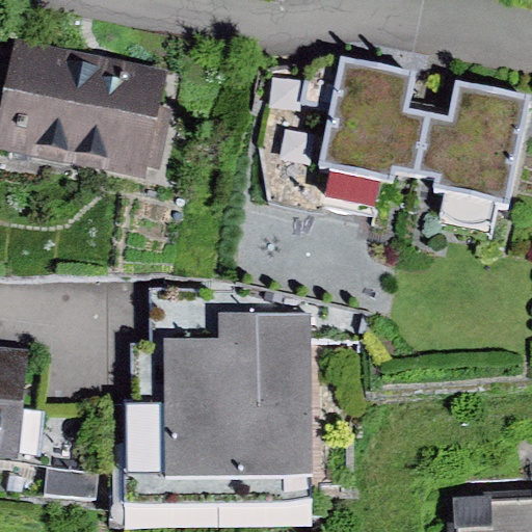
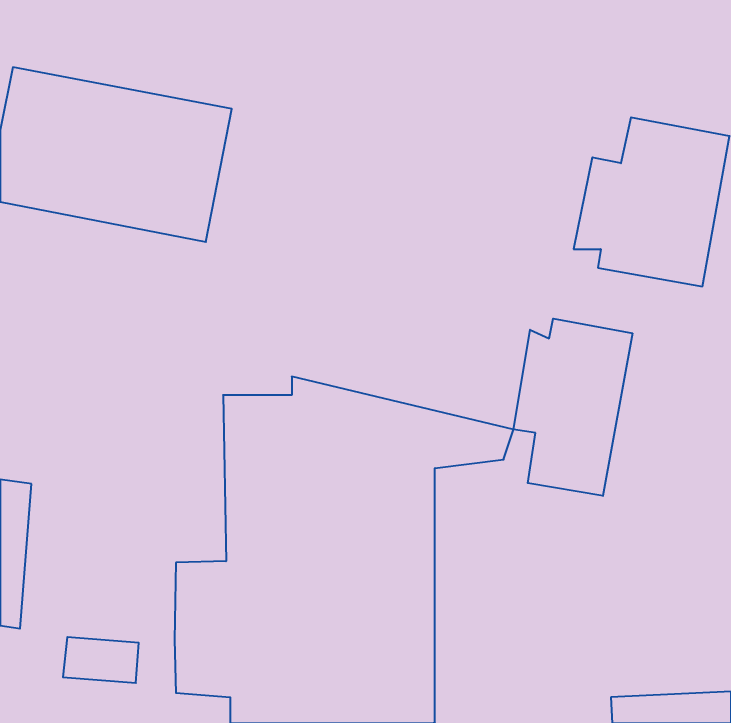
building: [302,59,430,188] -> none
building: none -> [514,319,632,496]

